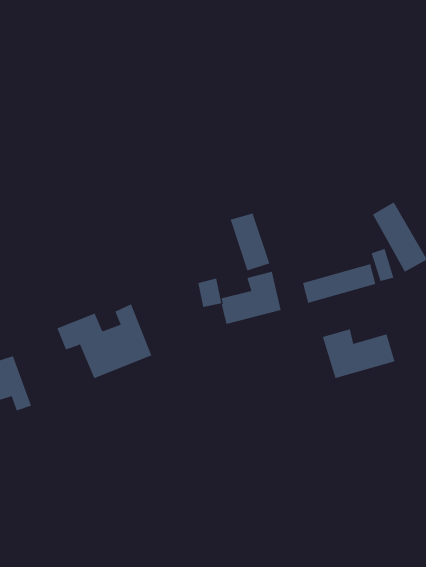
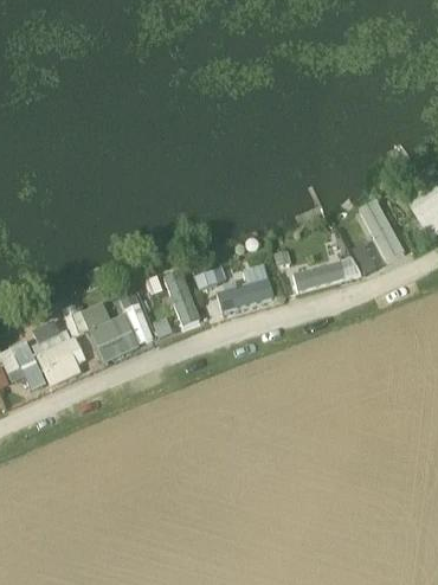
building: [230,213,270,271] -> [163,274,200,327]
building: [322,329,395,379] -> none
building: none -> [28,319,79,386]

